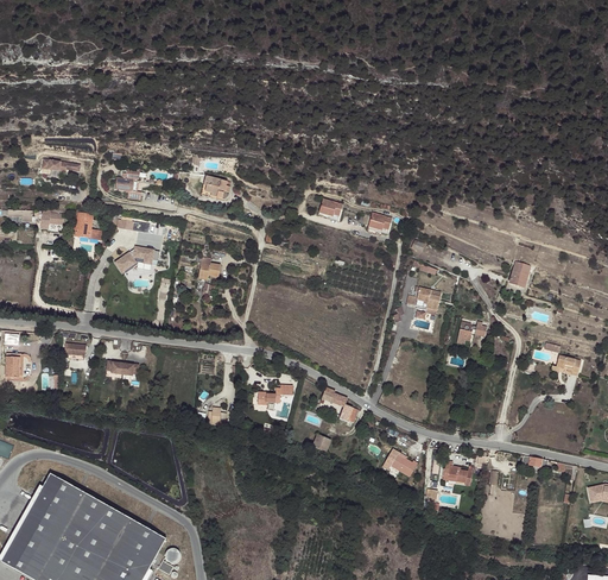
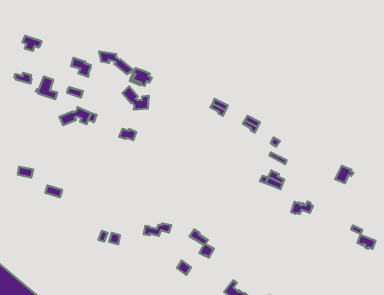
building: none -> [99,51,133,74]
building: none -> [122,86,149,109]

